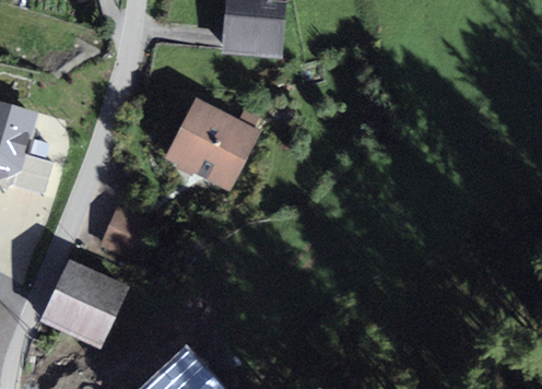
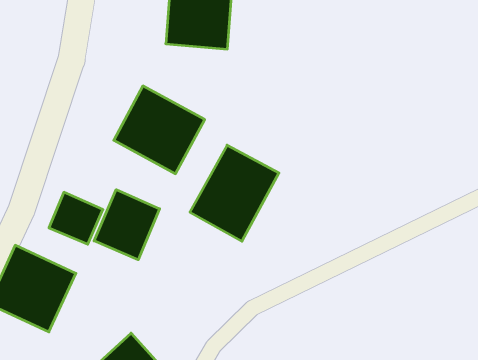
building: none -> [190,145,279,241]
building: none -> [94,190,160,260]

